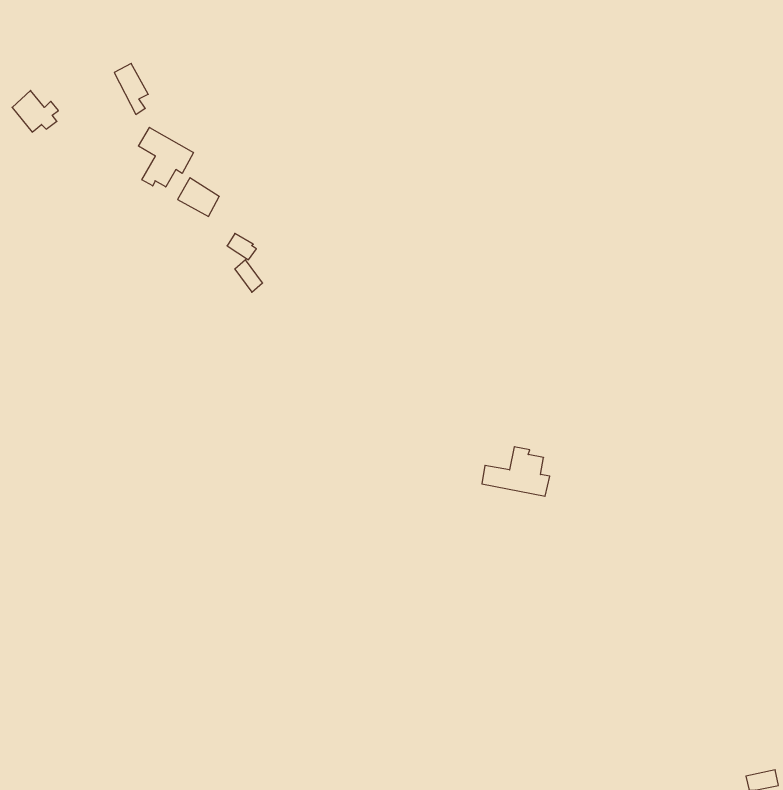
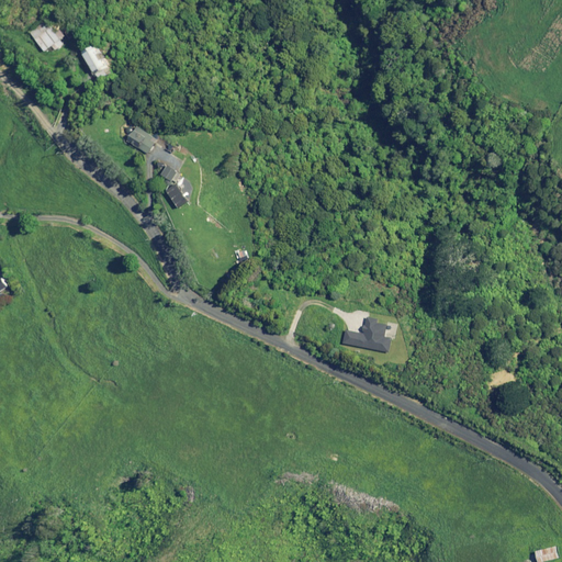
building: [12,90,58,132] -> [27,22,60,52]
building: [138,127,193,187] -> none

